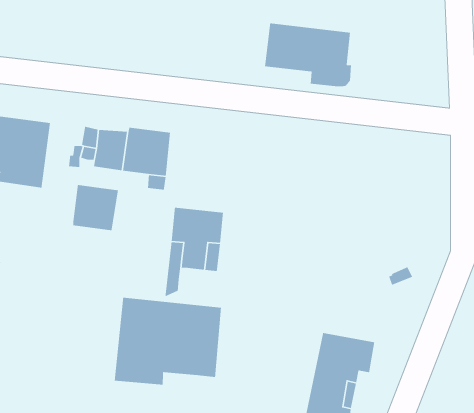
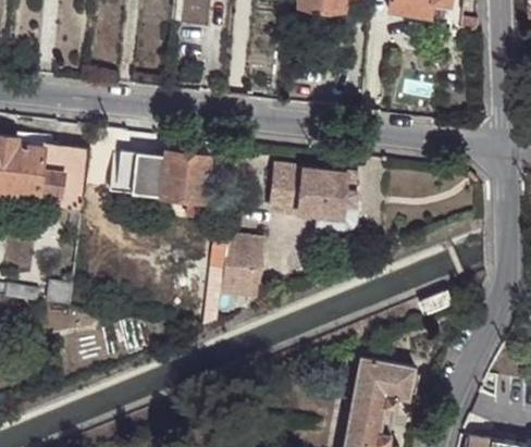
building: [264,22,352,87] -> [270,162,358,227]
building: [72,184,119,231] -> none
building: [114,297,222,386] -> none

